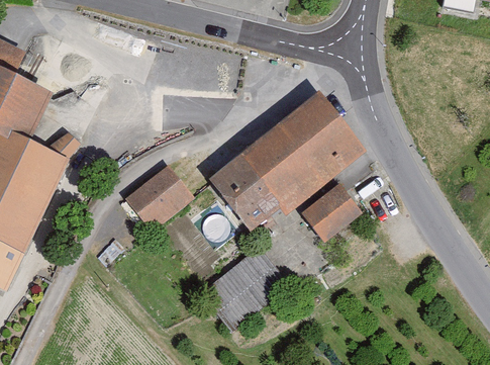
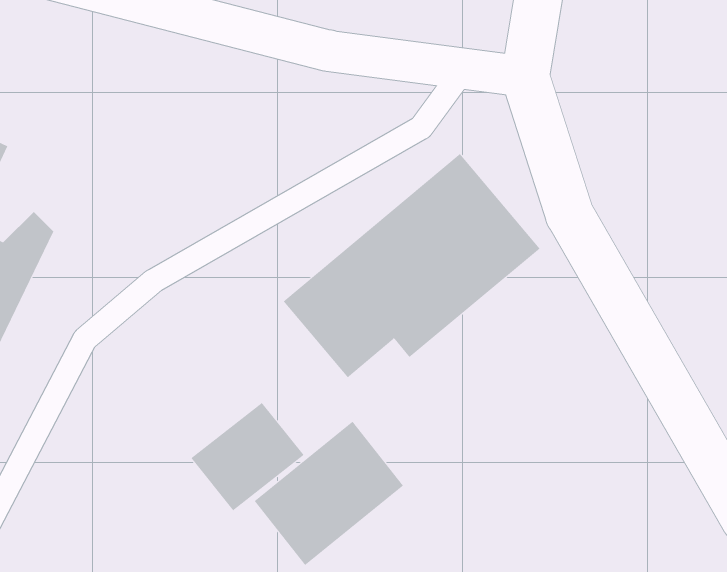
building: [126,162,194,226] -> [190,402,305,511]
building: [294,191,352,247] -> none

